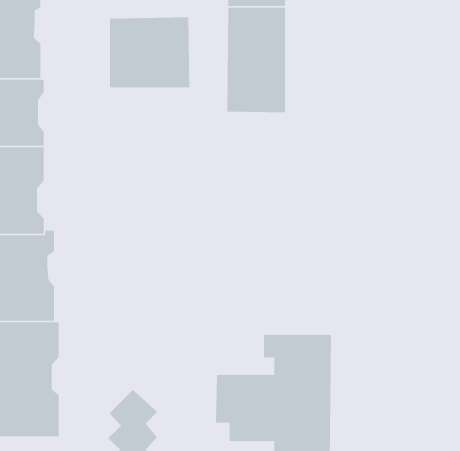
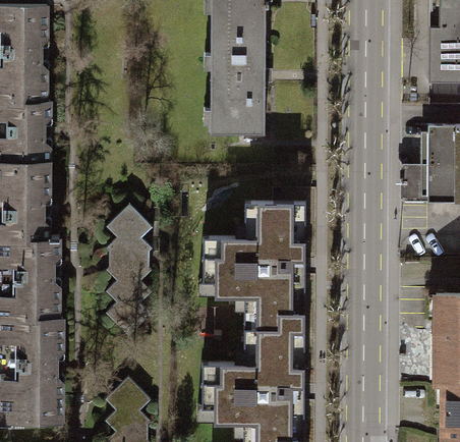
building: [109,17,190,88] -> none
building: none -> [203,204,304,330]
building: none -> [105,205,153,336]

